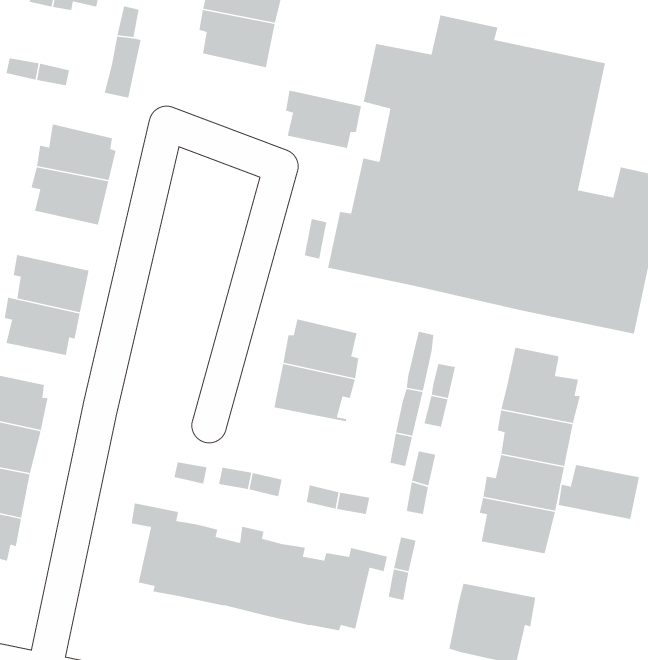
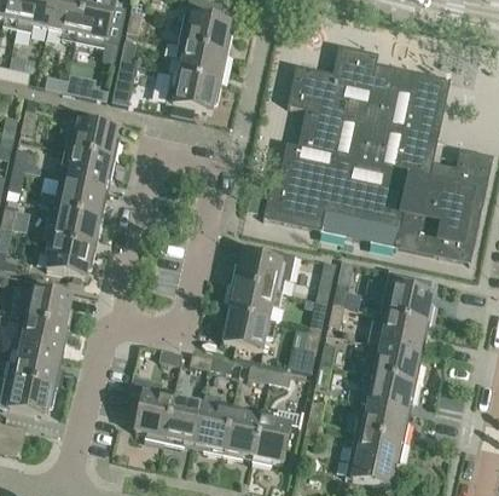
building: [285,90,362,149] -> [169,71,221,111]
building: none -> [52,178,108,219]
building: none -> [221,312,275,351]
building: [558,464,640,520] -> [354,403,410,440]

